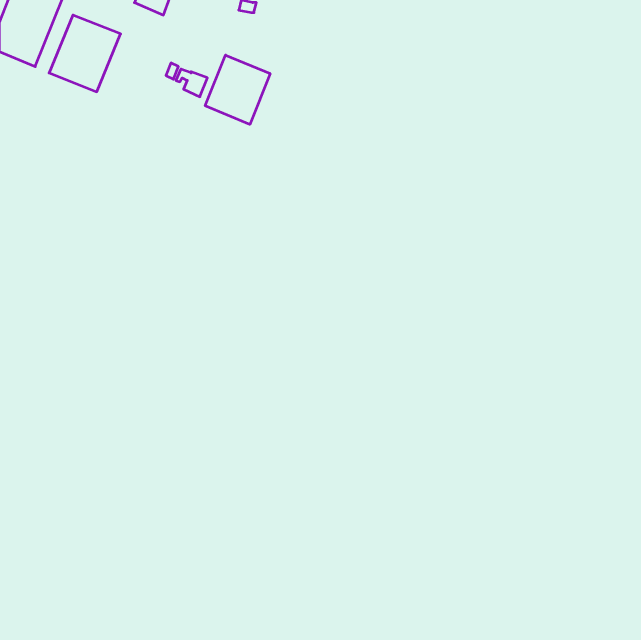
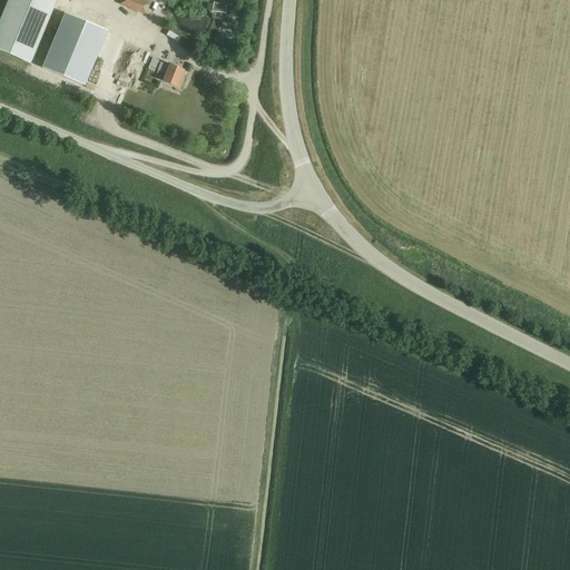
building: [205,55,270,124] -> none

